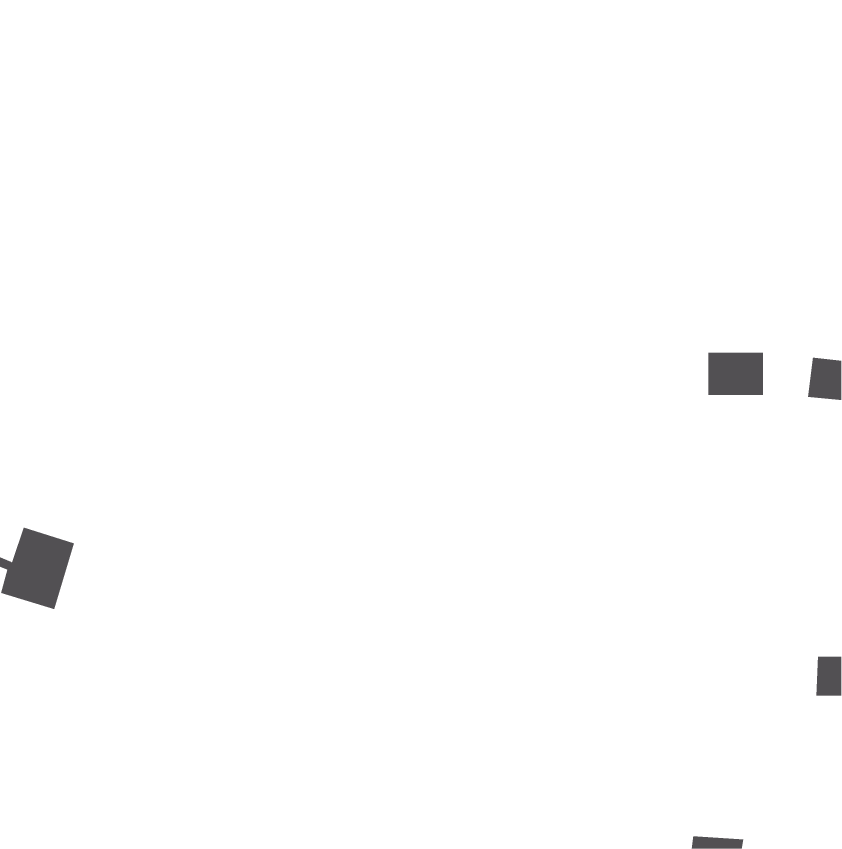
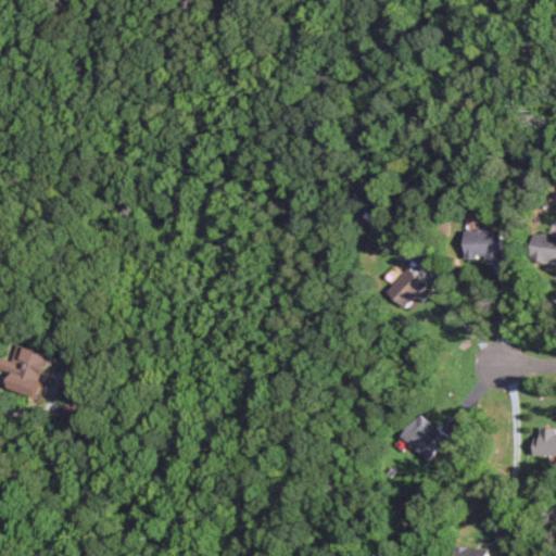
building: none -> [384,268,424,308]
building: none -> [400,414,446,460]

